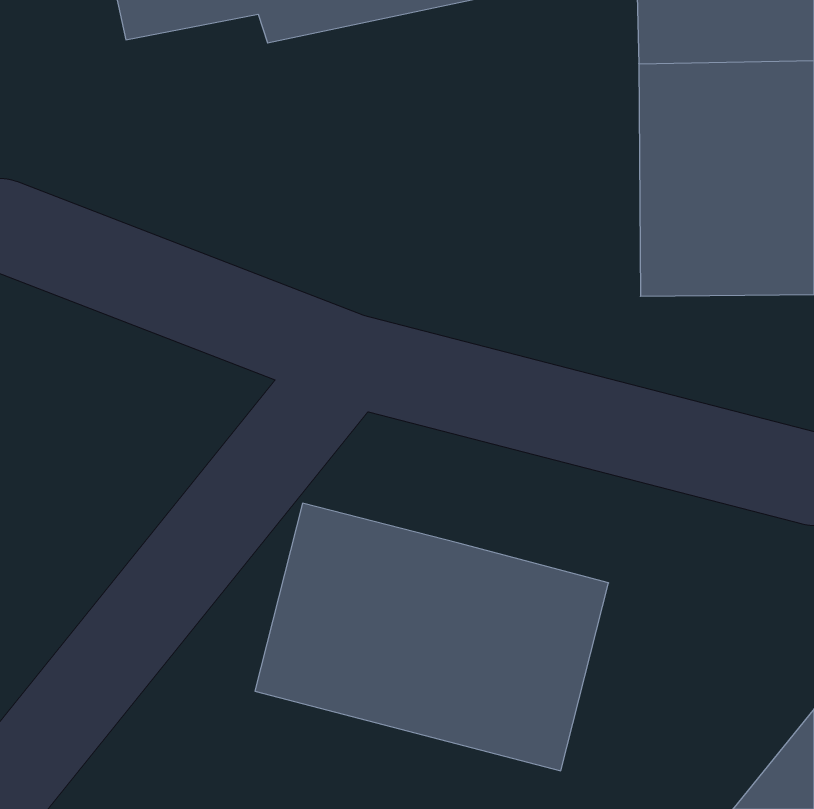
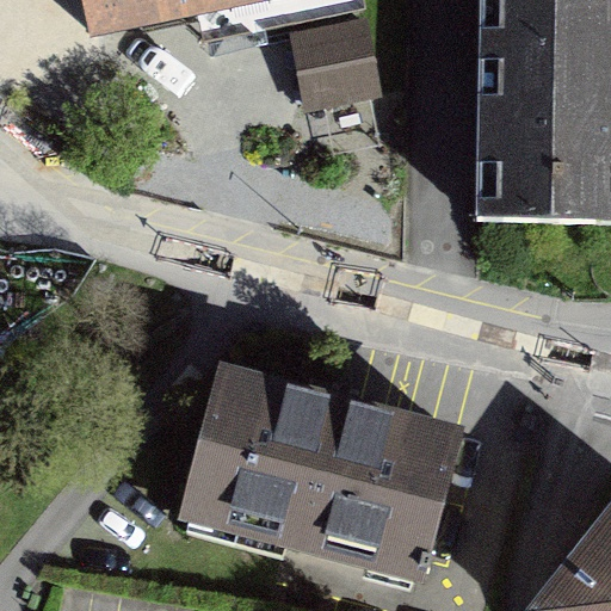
building: none -> [295,10,376,86]

